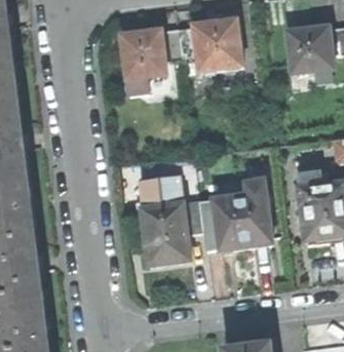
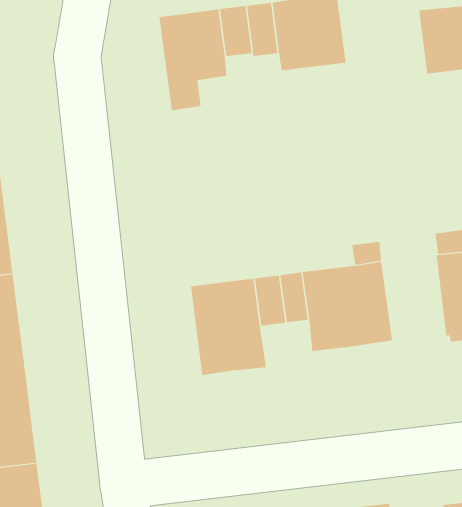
building: [137,173,182,208] -> none

